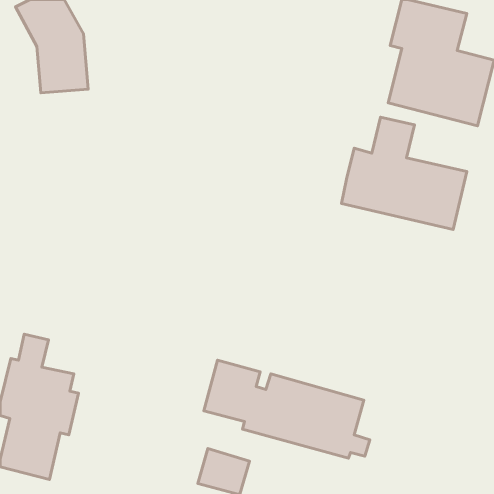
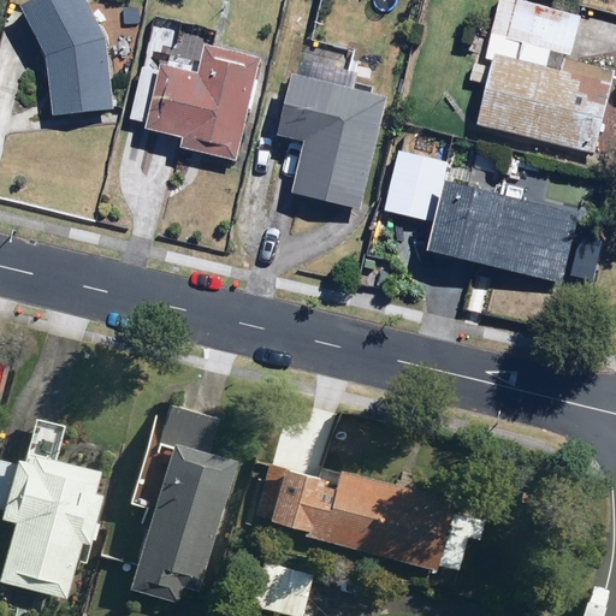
building: none -> [131,48,260,162]
building: none -> [279,55,387,213]
building: none -> [385,153,446,223]
building: none -> [130,401,233,597]

